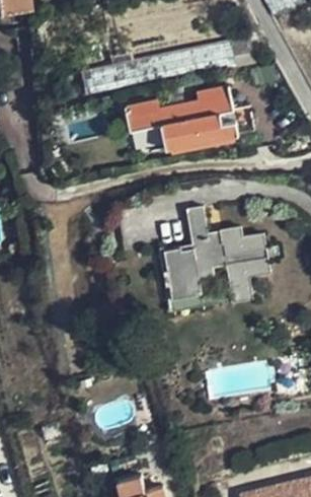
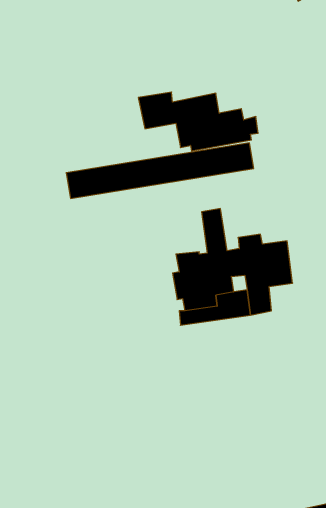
building: [83,38,254,88] -> [66,143,254,198]
building: [197,87,233,119] -> none

